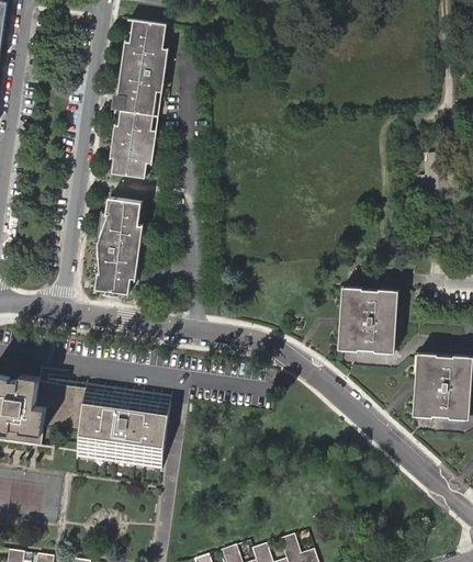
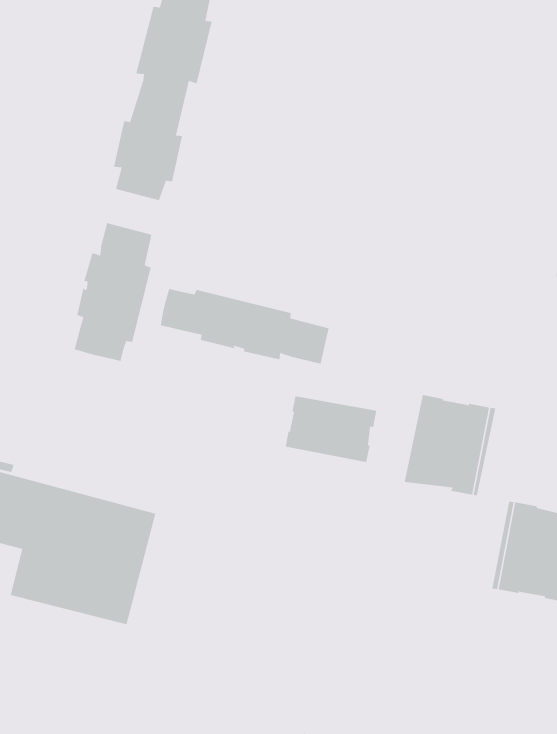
building: none -> [160,288,329,364]
building: none -> [285,396,377,463]

